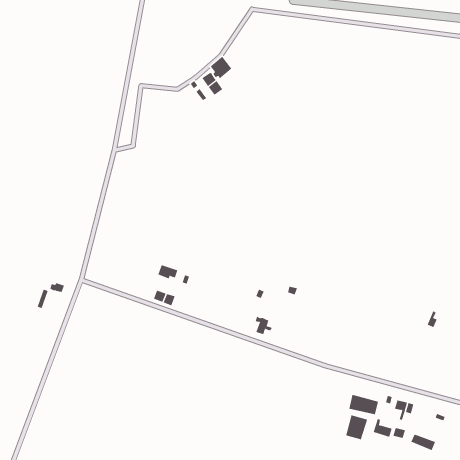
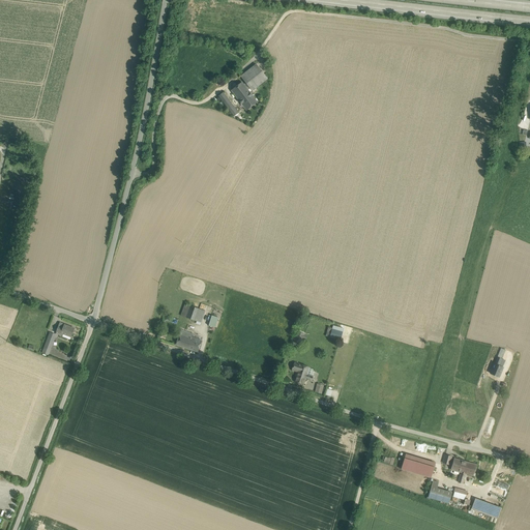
building: [345,414,368,440] -> none

